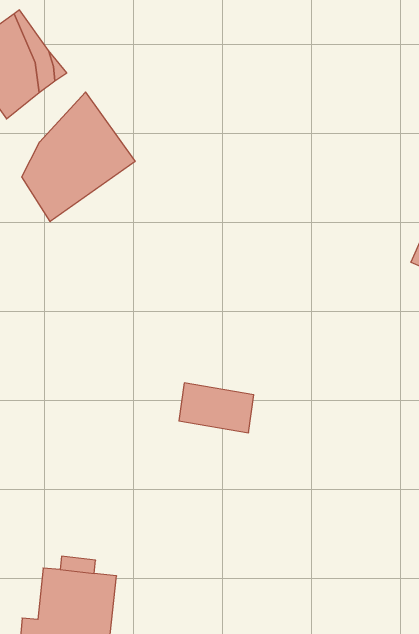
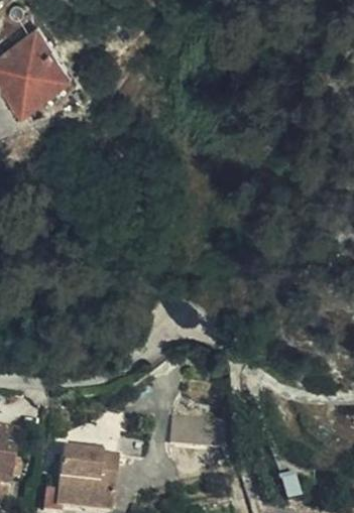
building: [22,92,135,222] -> none
building: [179,383,254,433] -> [171,409,229,447]

